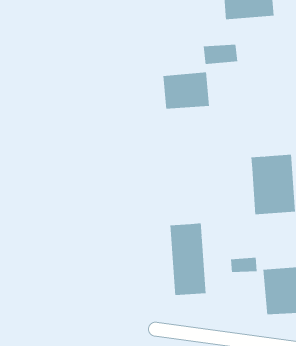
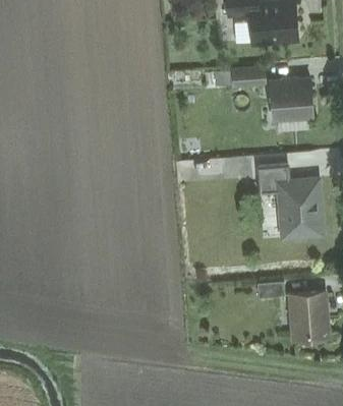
building: [163,72,210,109] -> [267,78,315,116]
building: none -> [254,165,291,192]
building: [170,223,206,296] -> none

